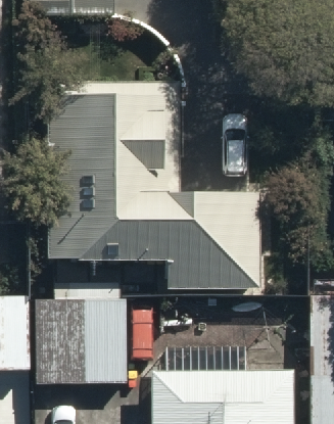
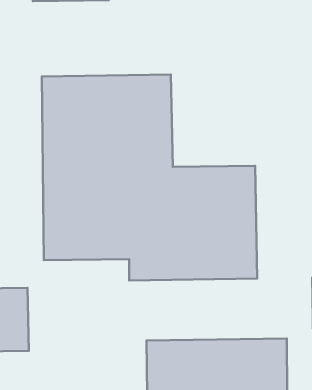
building: [32,302,132,390] -> none

